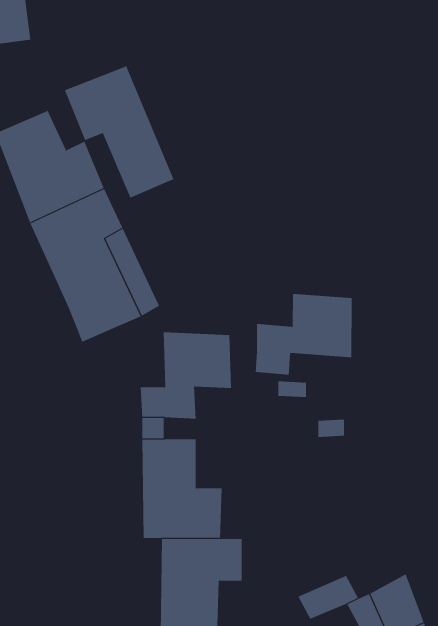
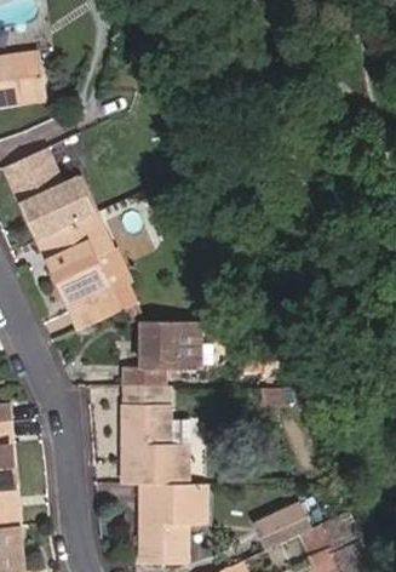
building: [64,66,174,199] -> none
building: [255,293,352,375] -> none

